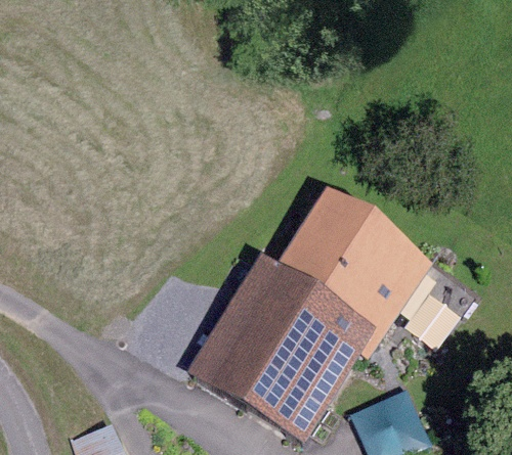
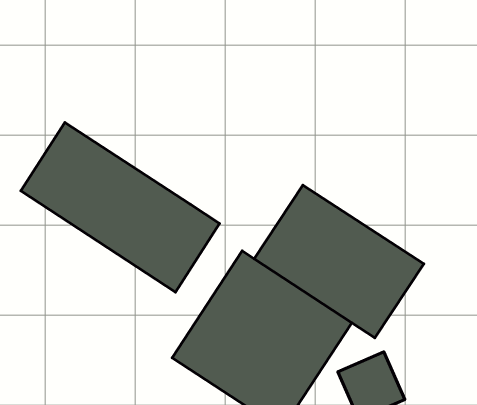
building: none -> [21,122,219,292]

